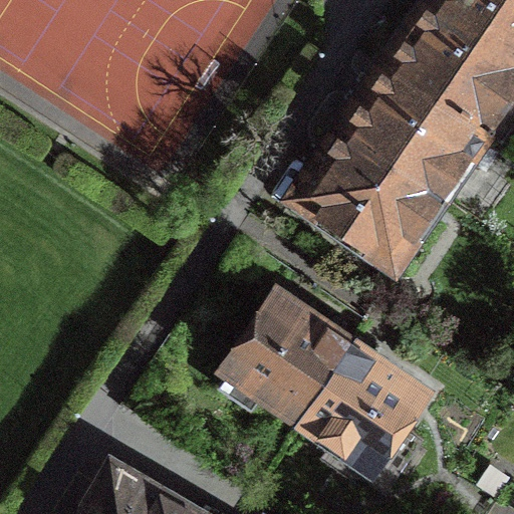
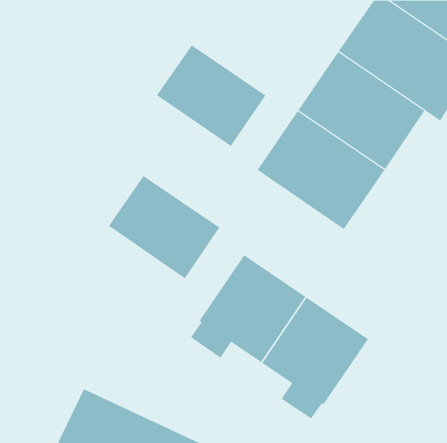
building: none -> [156,44,266,147]
building: none -> [108,175,220,279]

